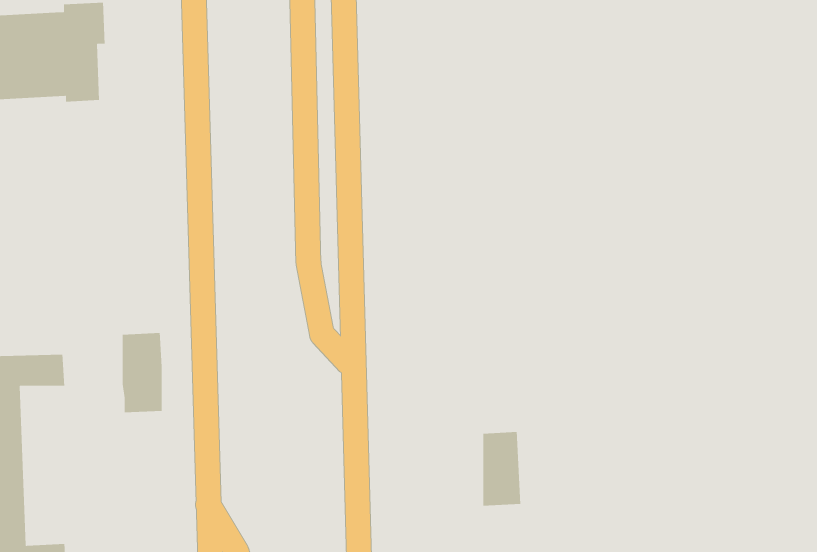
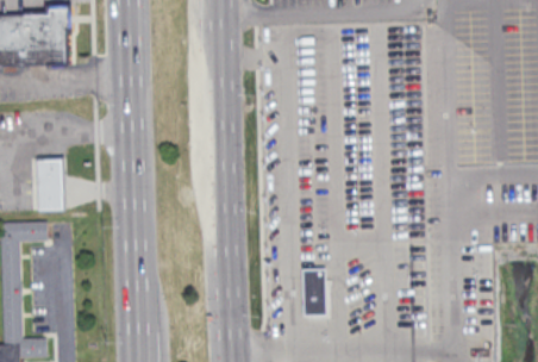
building: [122,332,162,413] -> [37,160,62,210]

